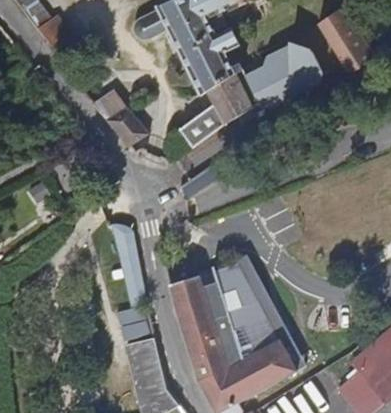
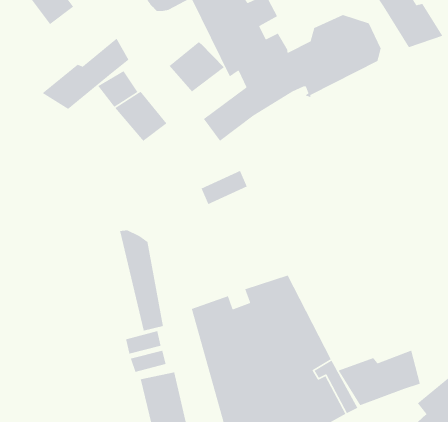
building: none -> [42,38,130,110]
building: none -> [169,41,225,93]
building: none -> [338,350,421,406]

